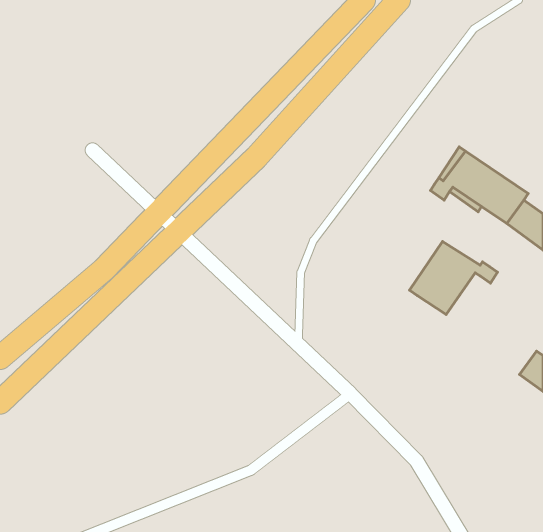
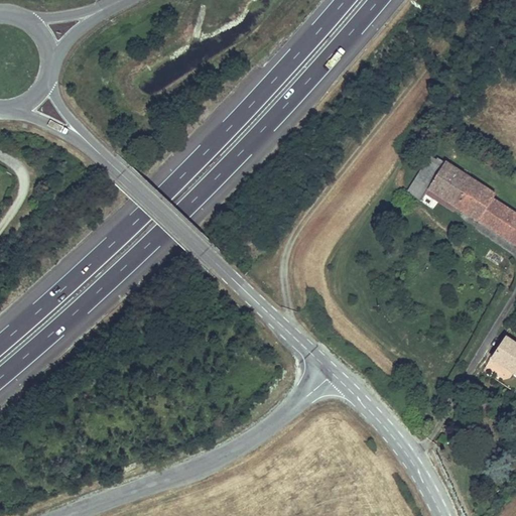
building: [410,241,498,314] -> none

